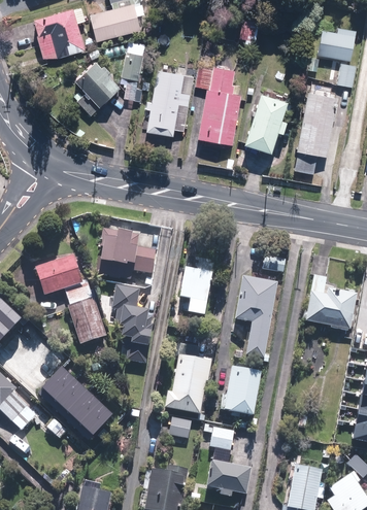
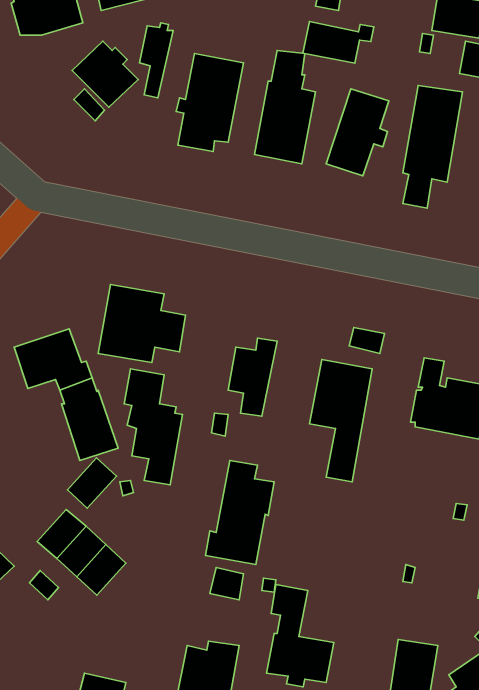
building: none -> [303,22,374,63]
building: [39,365,72,399] -> [67,458,116,508]
building: [226,368,263,416] -> none

